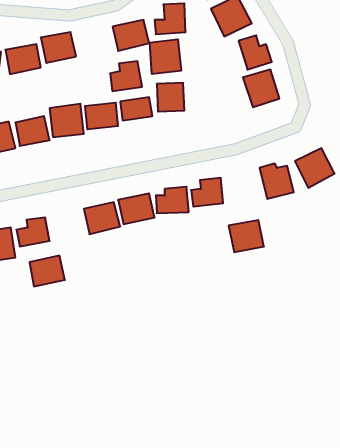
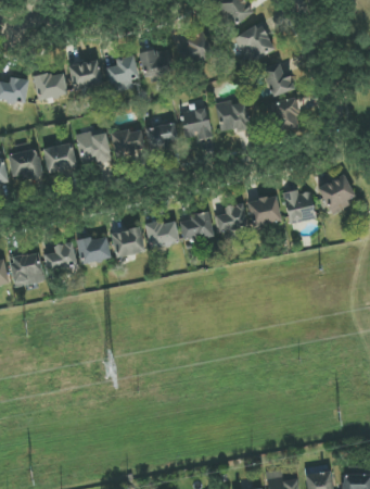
building: [149,39,181,74] -> [217,99,248,133]
building: [110,61,142,91] -> [107,55,139,85]
building: [229,220,264,252] -> [247,196,282,227]
building: [30,256,65,286] -> [77,235,112,265]

